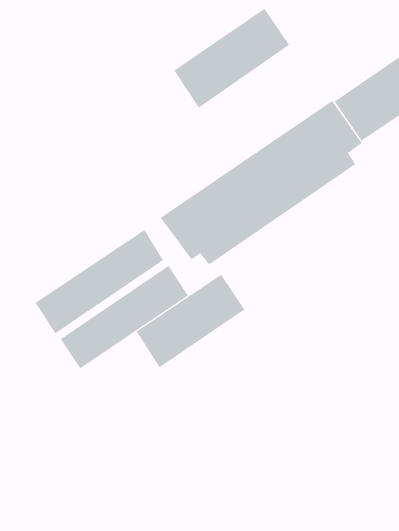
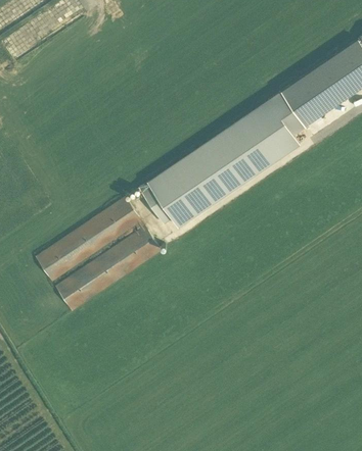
building: [174,8,290,108] -> none
building: [136,274,245,368] -> none

